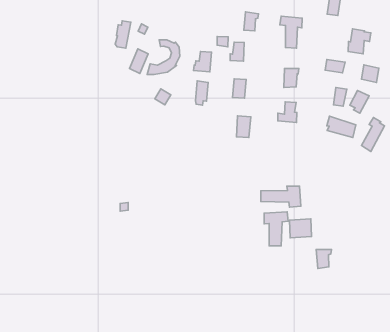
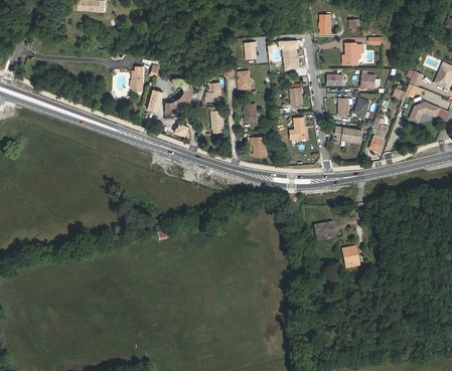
building: [261,186,301,207] -> none
building: [264,212,288,246] -> none

